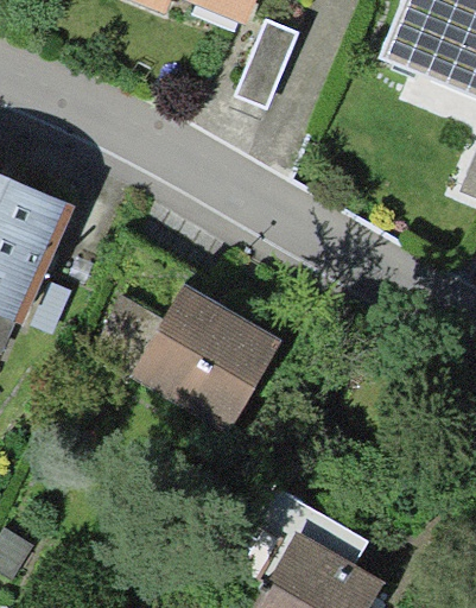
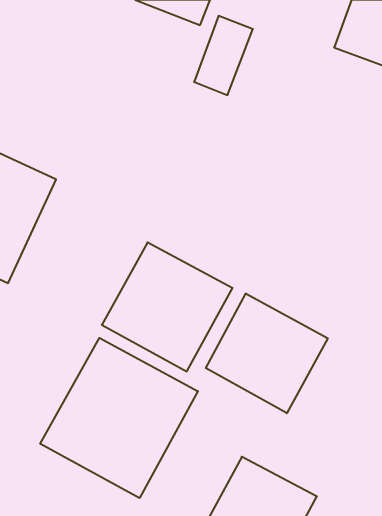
building: none -> [206,293,328,413]
building: none -> [40,338,198,498]

